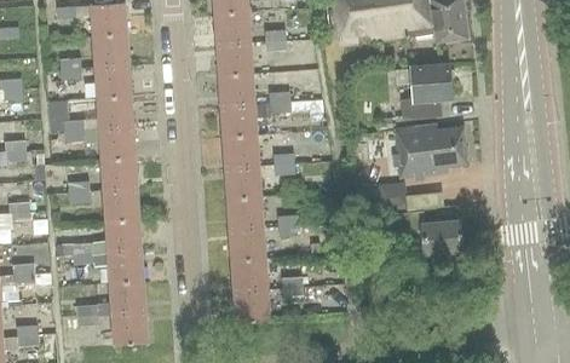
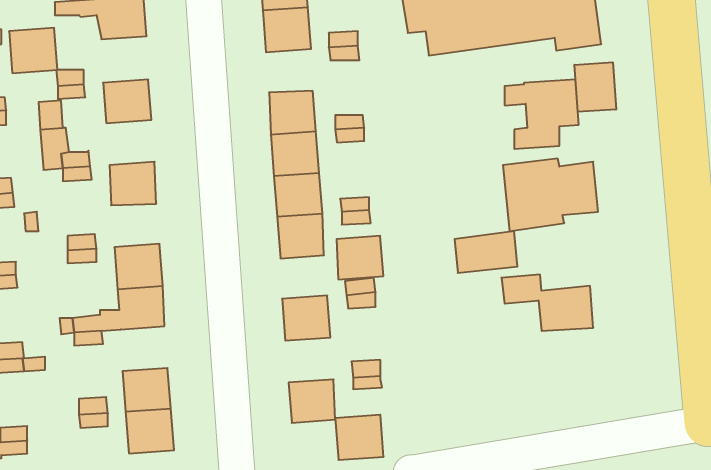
building: [92,33,128,67] -> [9,28,57,73]
building: [217,41,252,74] -> none
building: none -> [574,62,616,112]
building: [97,94,133,128] -> none
building: [100,157,137,190] -> none
building: [228,196,263,229] -> [337,236,383,279]
building: [108,249,143,283] -> none
building: [231,258,267,292] -> [335,415,384,460]

